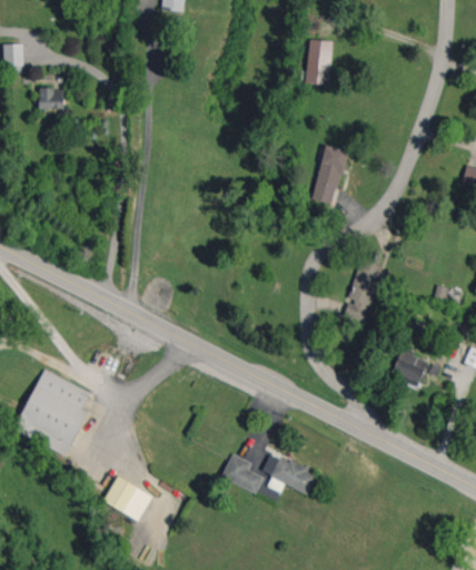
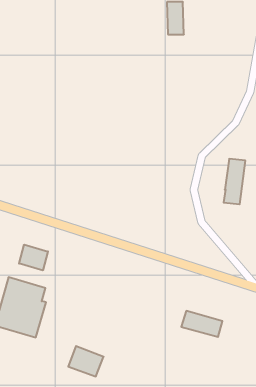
building: [311,146,347,205] -> none
building: none -> [19,245,48,270]
building: [221,454,264,493] -> none

